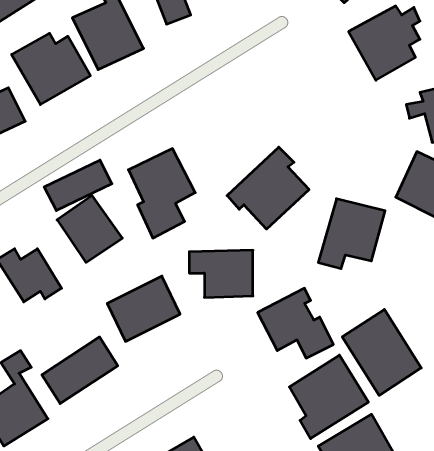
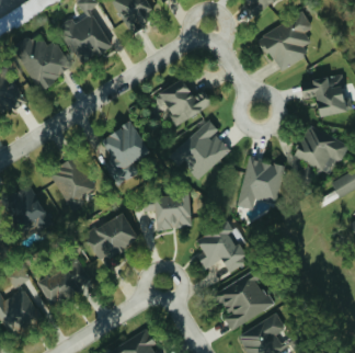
building: none -> [156,80,213,124]
building: [44,160,112,211] -> none
building: [342,309,421,395] -> none

